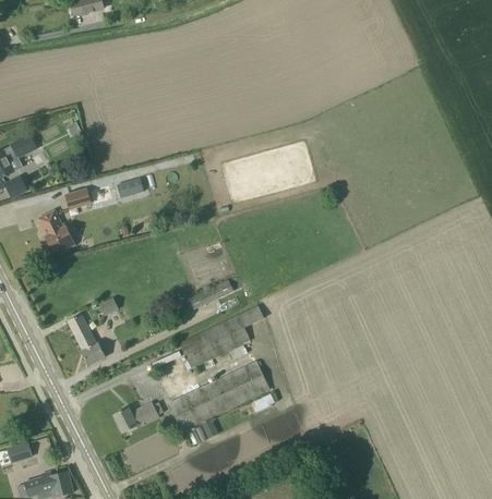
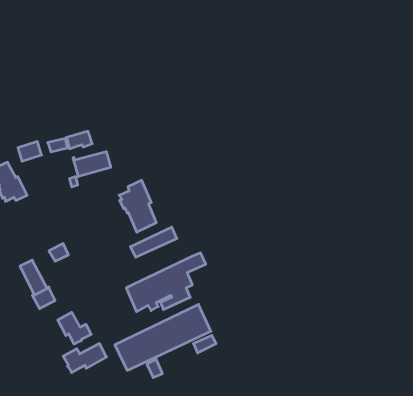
building: none -> [73,152,111,177]
building: none -> [119,180,156,232]
building: none -> [58,312,91,344]

